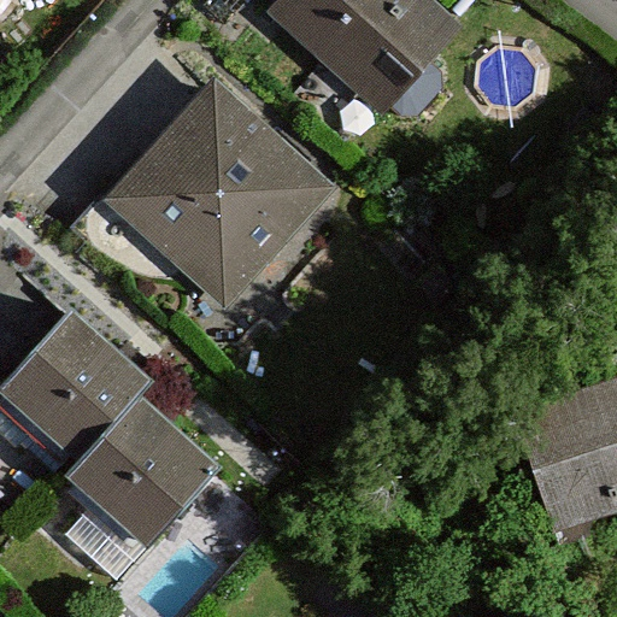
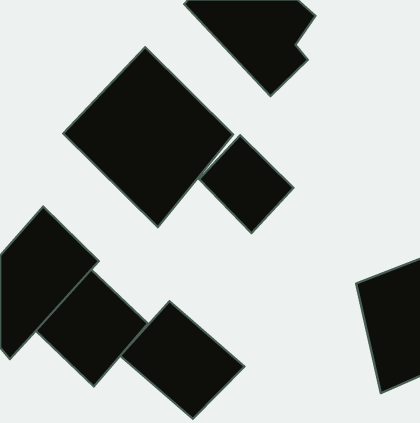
building: none -> [199,135,294,233]
building: none -> [120,301,244,419]

